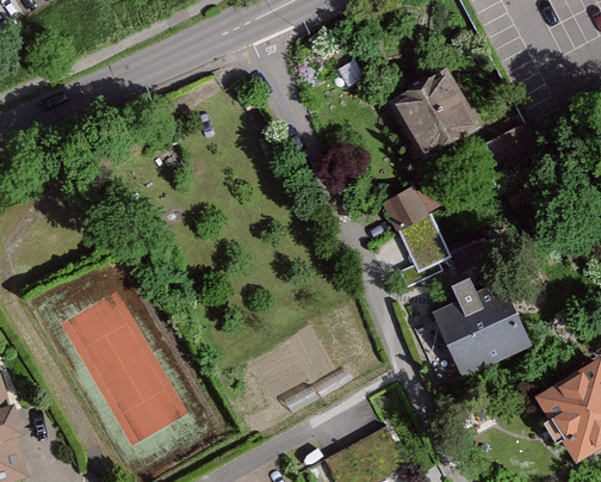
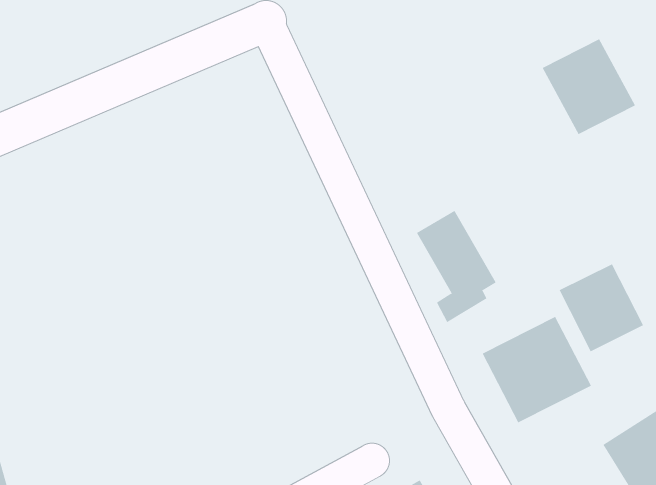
building: [395,69,478,155] -> [542,38,636,135]
building: none -> [559,263,644,352]

